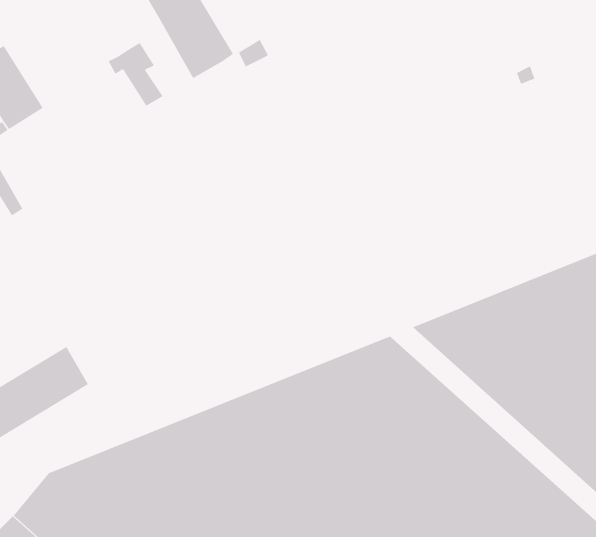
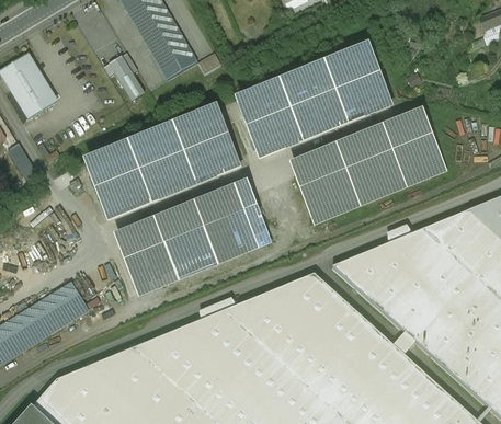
building: none -> [235,46,392,161]
building: none -> [82,107,241,222]
building: none -> [288,110,448,226]
building: none -> [113,182,271,297]

